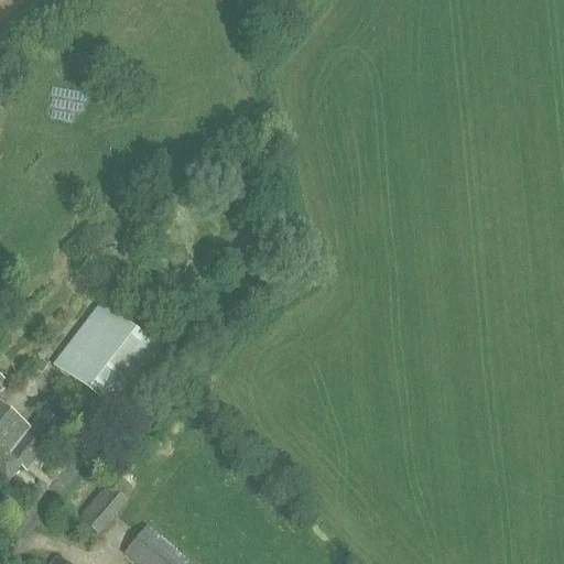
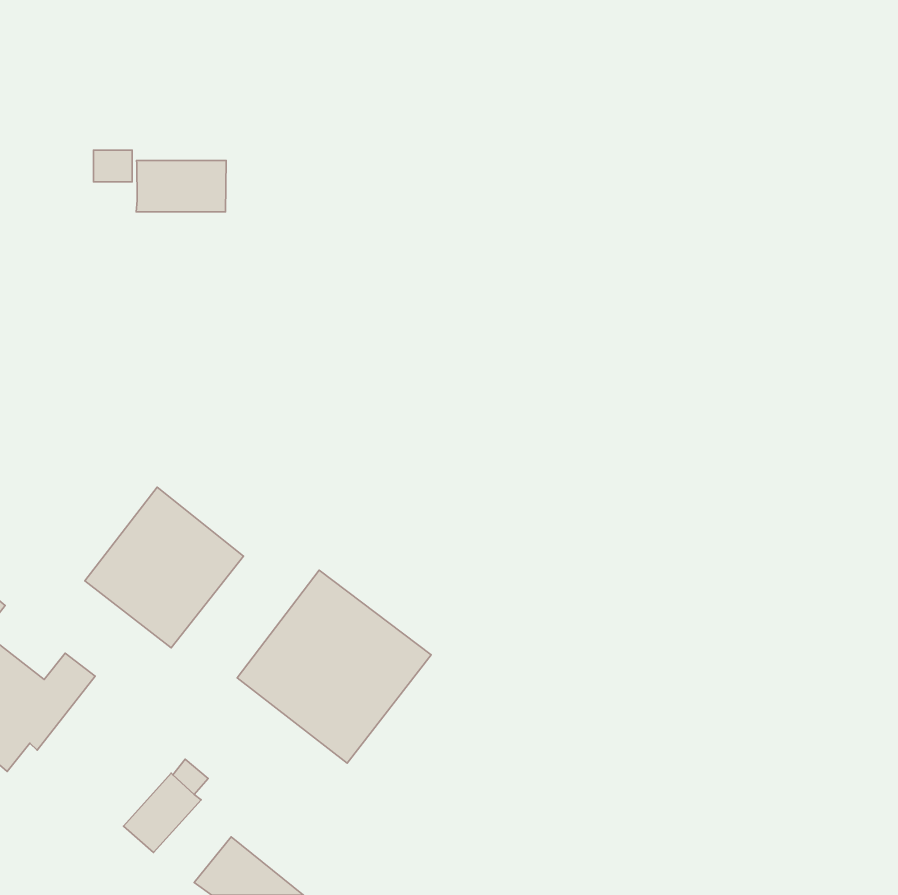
building: none -> [136,160,226,212]
building: none -> [237,570,431,763]

